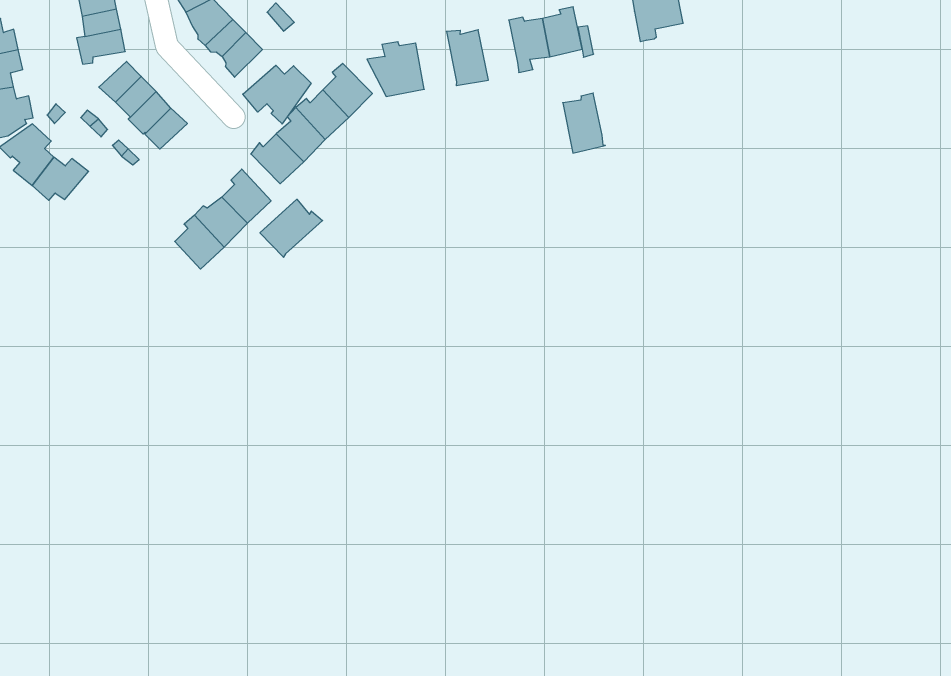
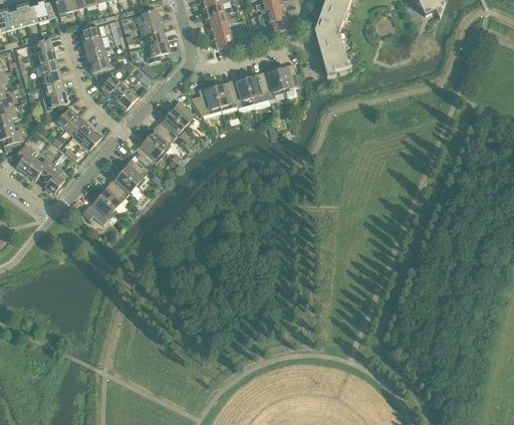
building: none -> [214,79,236,110]
building: [243,65,311,124] -> none
building: [563,93,605,153] -> [245,71,268,102]
building: none -> [42,164,63,194]
building: [260,199,323,257] -> none
building: none -> [81,196,113,224]

